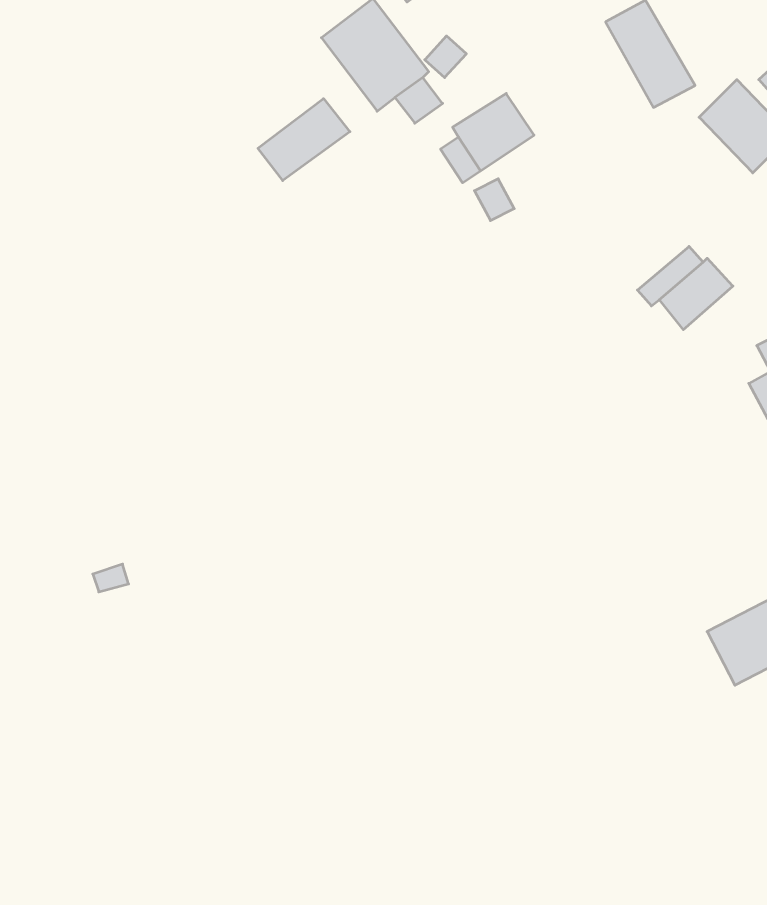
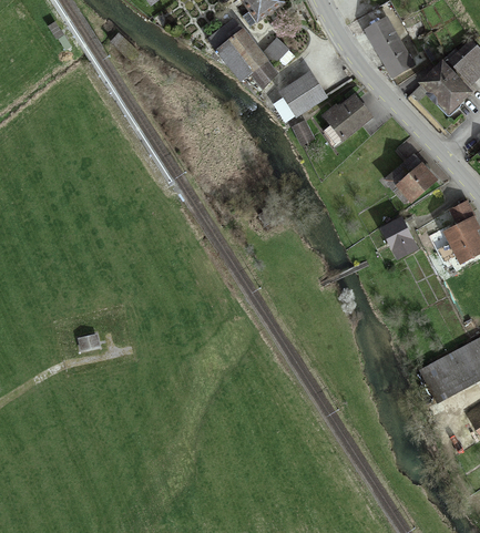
building: [258,99,350,181] -> none
building: none -> [321,95,370,141]
building: none -> [381,219,415,258]

